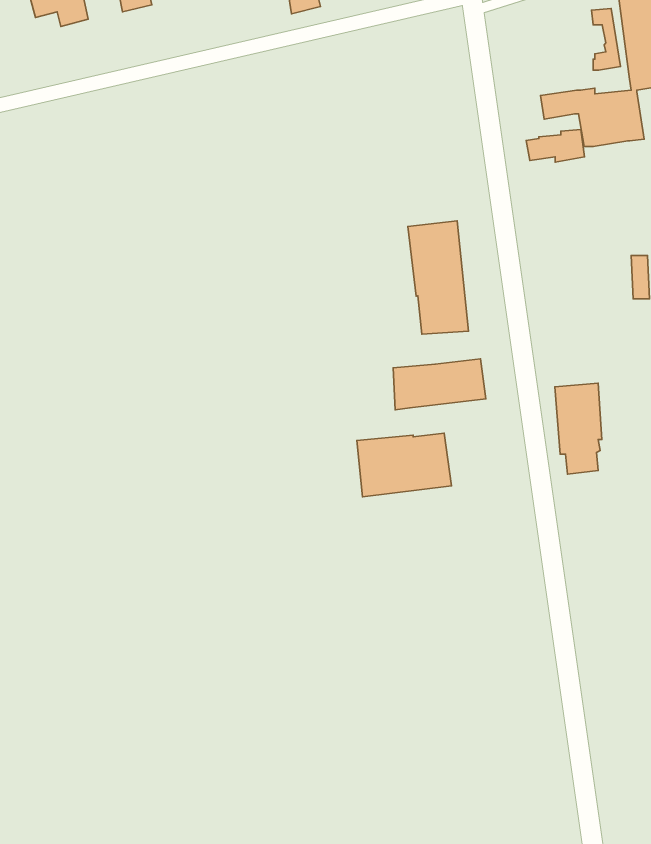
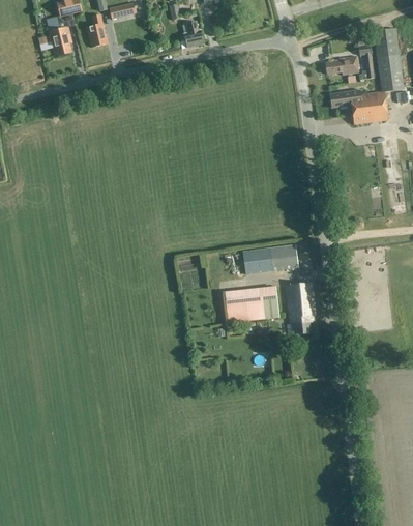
building: [526,129,584,162] -> [325,56,358,75]
building: [408,221,468,334] -> none
building: [555,383,602,474] -> [287,283,314,334]

